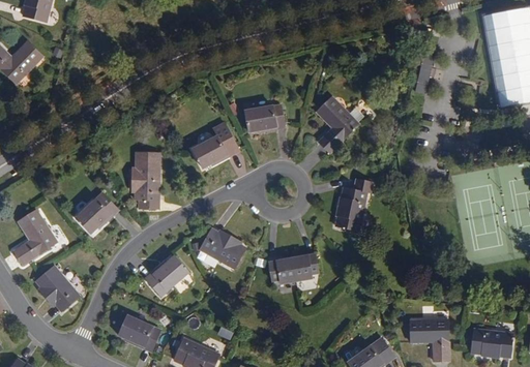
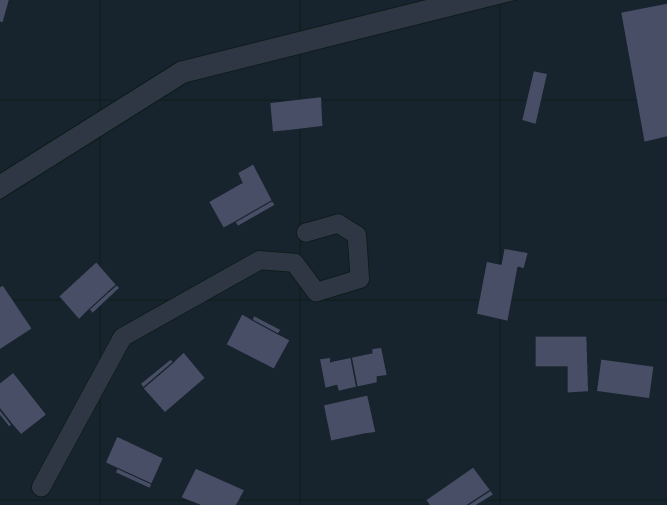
building: [315,97,356,152] -> none
building: [246,104,285,129] -> [269,97,323,132]
building: [142,151,167,207] -> none
building: [335,174,373,225] -> [476,248,528,321]
building: none -> [323,395,376,441]
building: [408,319,446,360] -> [535,336,589,393]
building: [469,328,510,356] -> [596,359,654,398]

